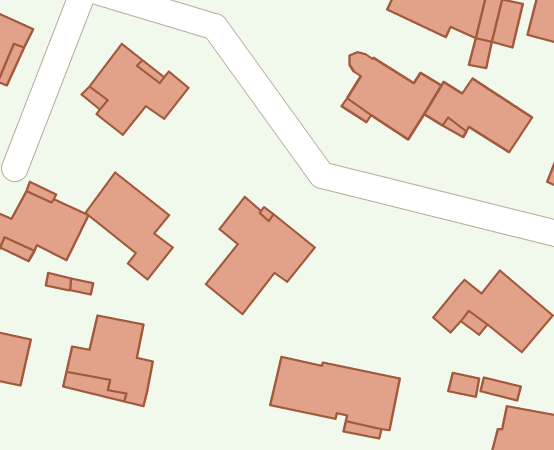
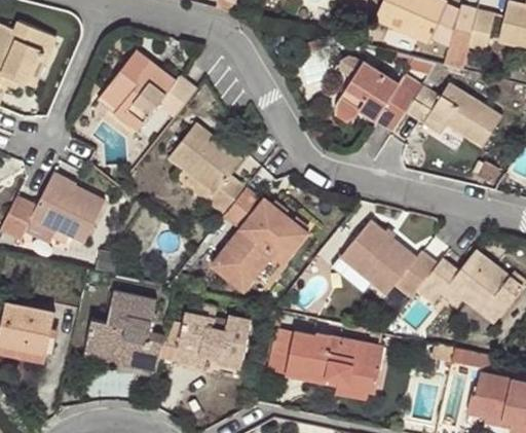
building: [85,173,173,280] -> [167,118,246,214]
building: none -> [339,222,437,297]
building: none -> [158,312,251,378]

